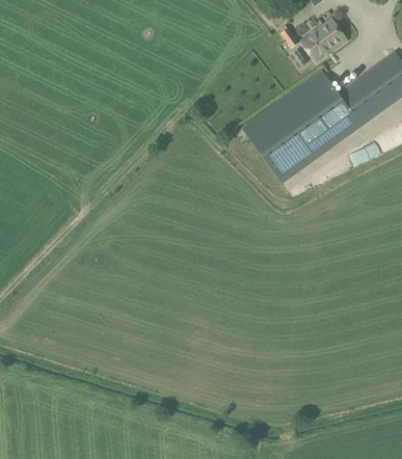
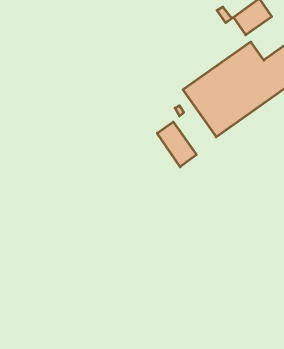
building: none -> [157,122,196,167]

